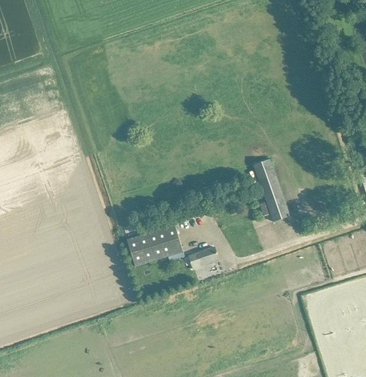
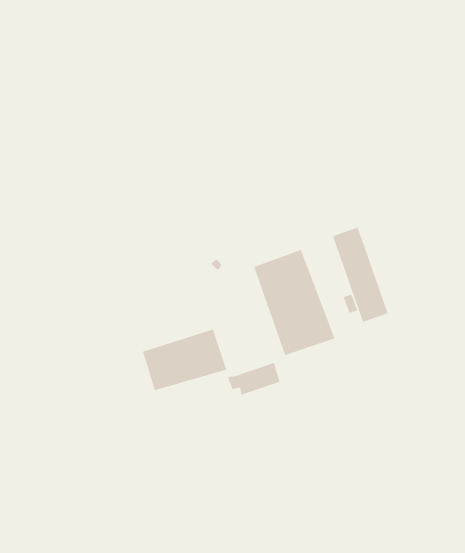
building: none -> [253,249,335,356]

